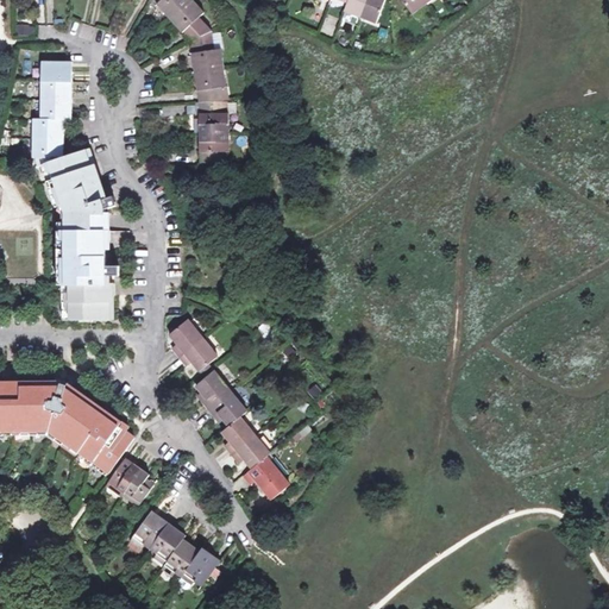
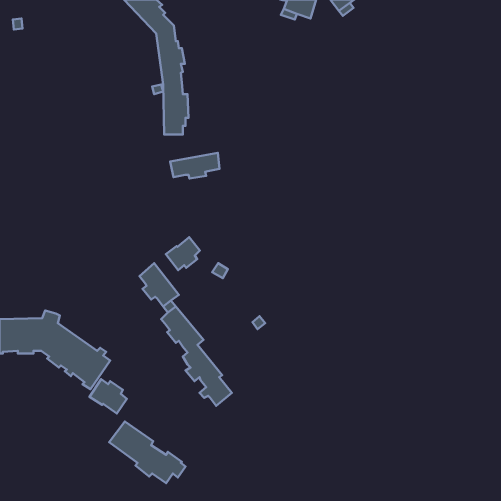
building: [33,61,118,319] -> none
building: none -> [170,153,220,179]
building: none -> [166,237,200,270]

